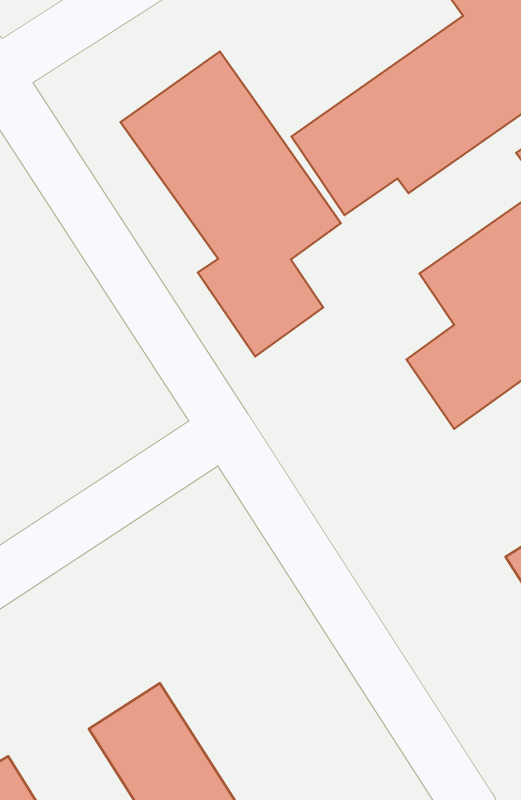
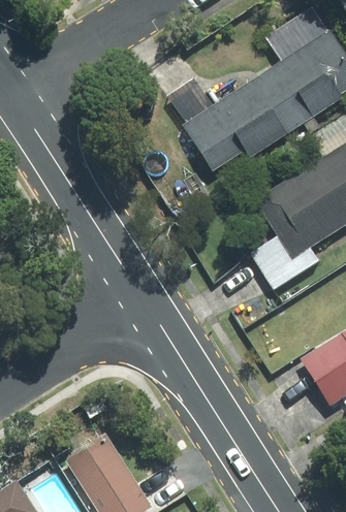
building: [121,52,341,356] -> none

